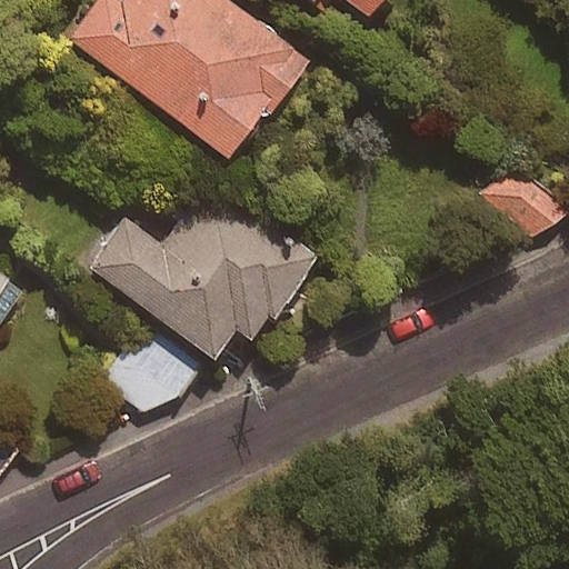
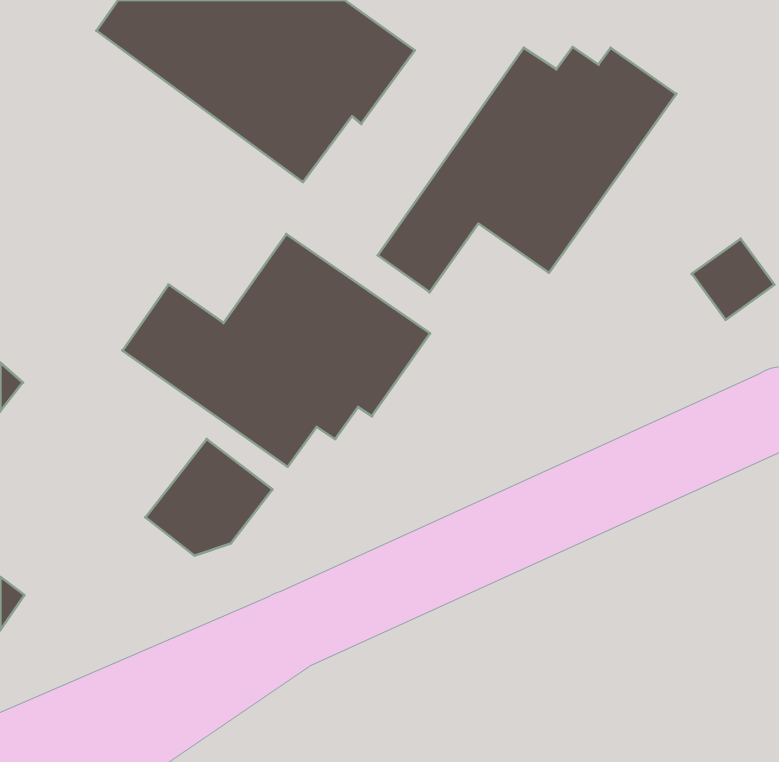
building: none -> [378,47,676,292]

